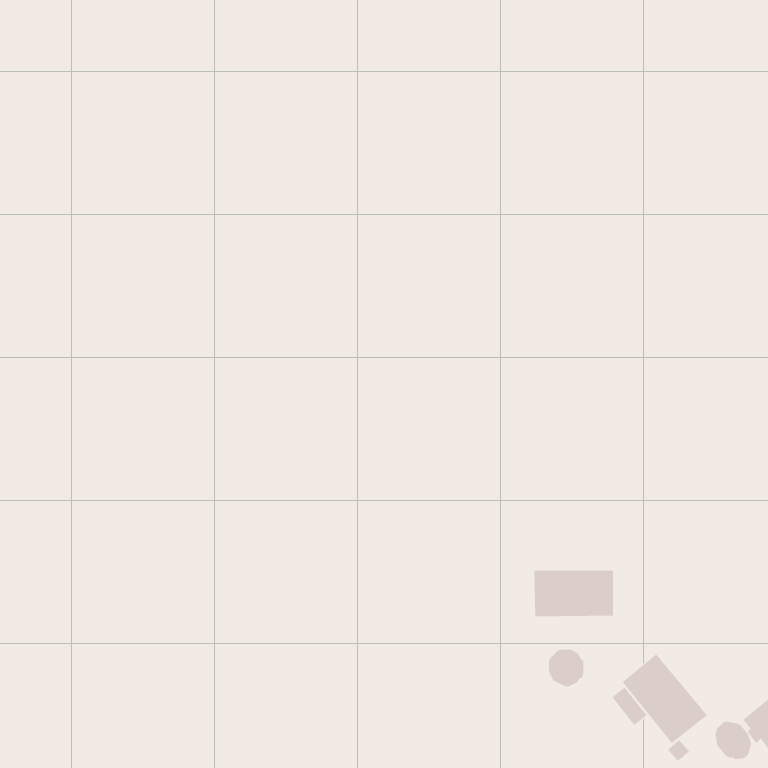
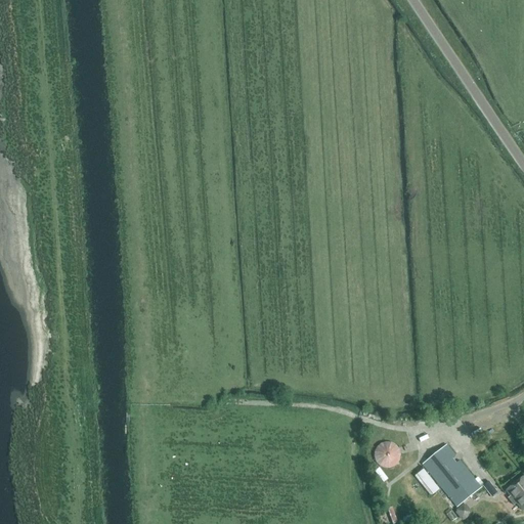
building: [534,570,614,617] -> none
building: [715,721,752,760] -> none

